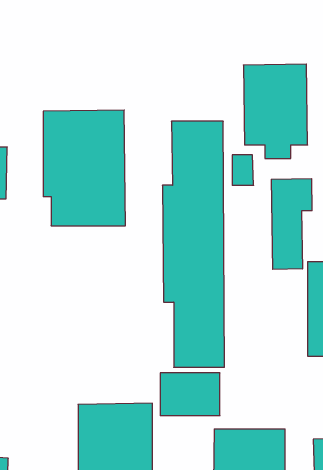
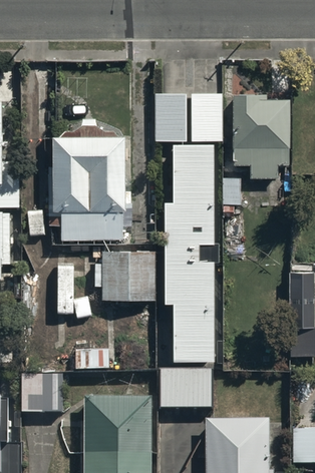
building: none -> [152,93,222,140]
building: [271,179,312,269] -> none
building: none -> [100,254,153,303]
building: none -> [21,375,63,413]

